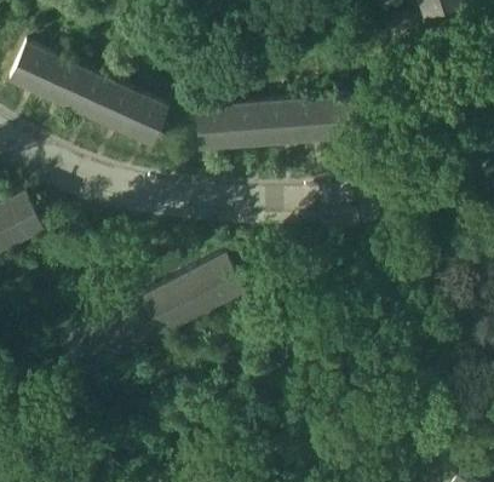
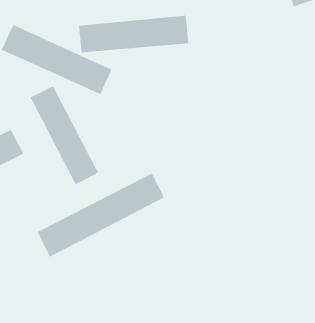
building: [197,96,355,149] -> [78,15,189,53]
building: none -> [30,85,99,185]

